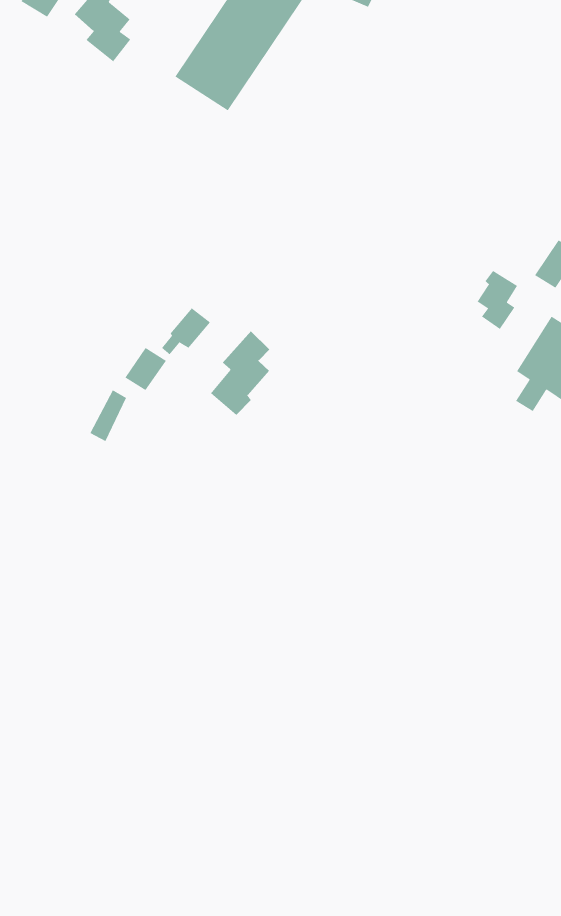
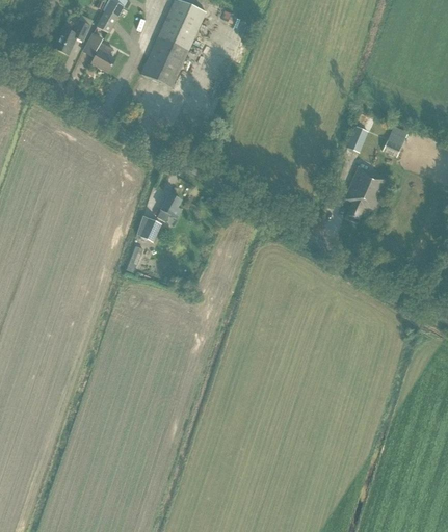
building: [477,264,518,330] -> none
building: [210,331,270,425] -> none

